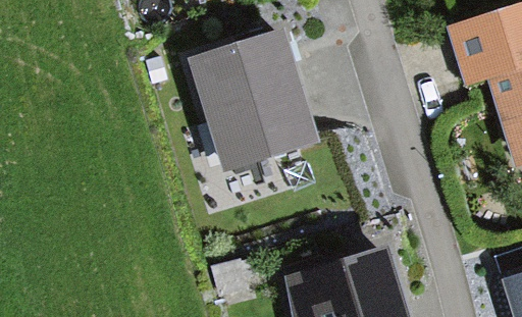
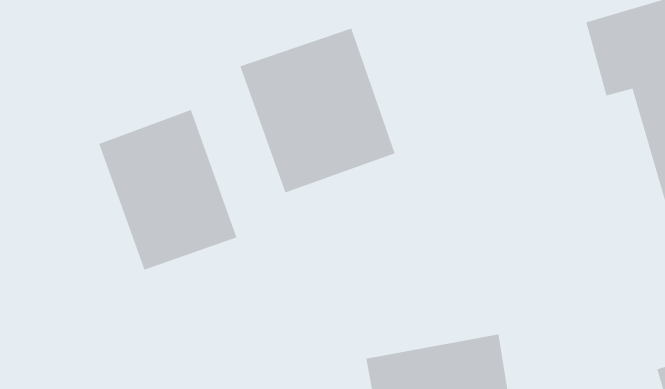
building: none -> [98,109,237,270]

